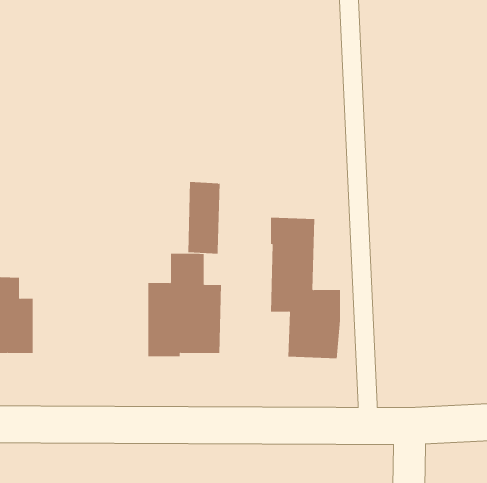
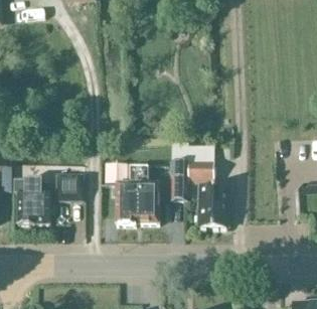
building: [188,182,220,254] -> [169,158,188,200]
building: none -> [55,173,85,198]

